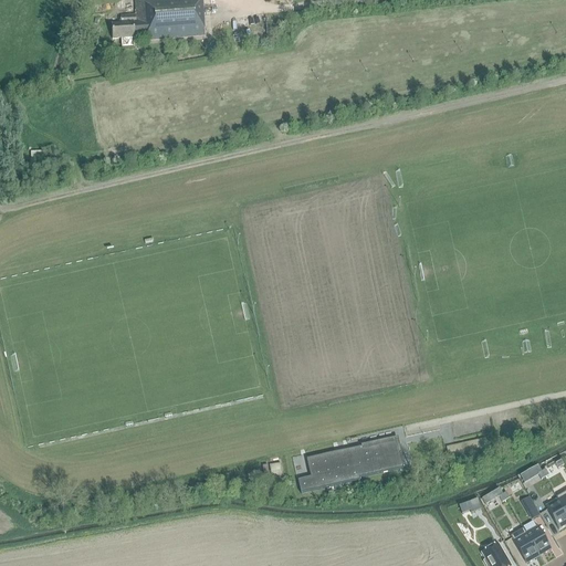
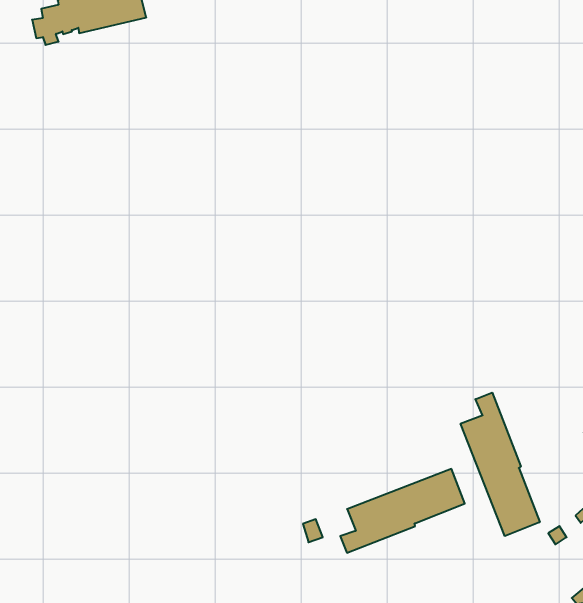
building: none -> [461,393,540,536]

